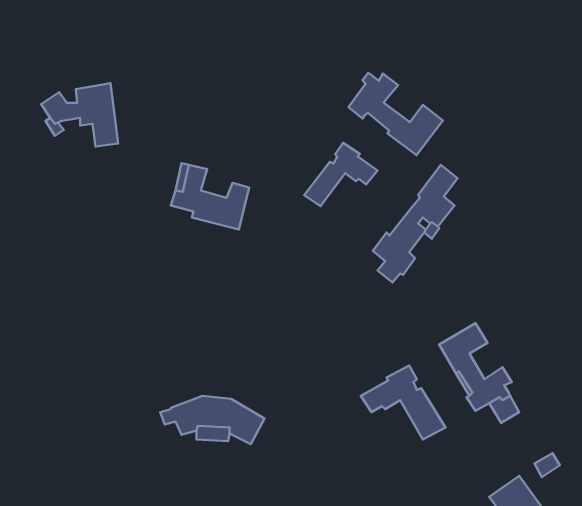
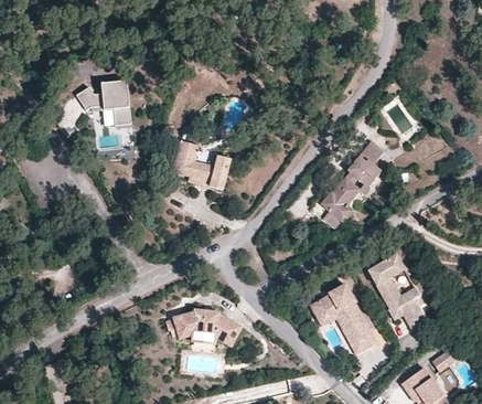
building: [349,73,443,155] -> none
building: [304,143,378,206] -> none
building: none -> [319,312,378,355]

